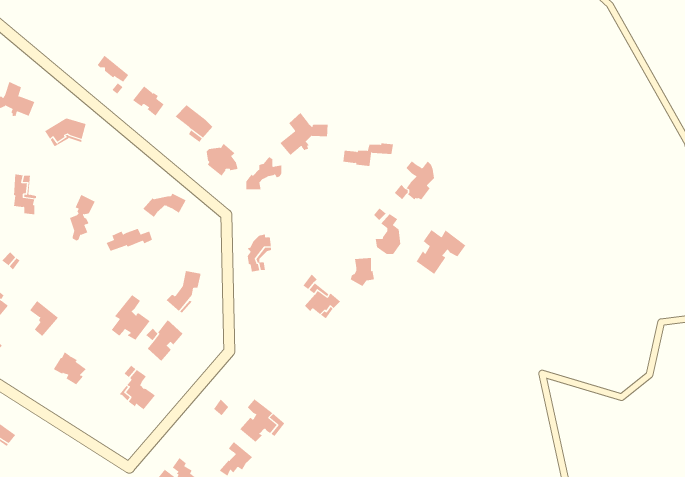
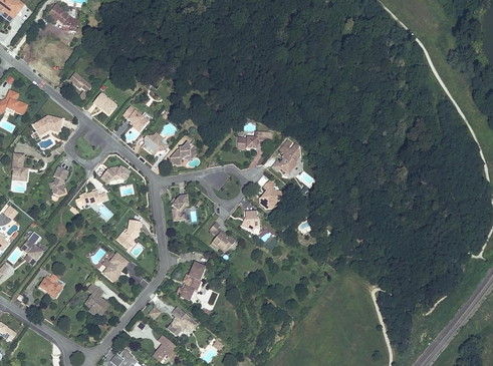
building: [279,112,328,156] -> none
building: [416,229,466,275] -> none
building: [111,294,151,340] -> none
building: none -> [177,262,205,299]

